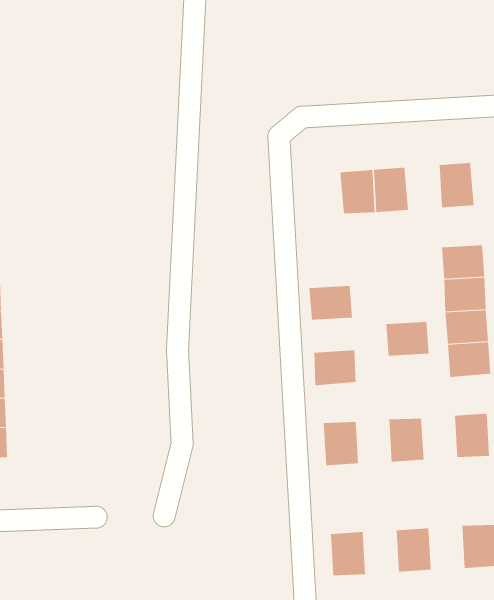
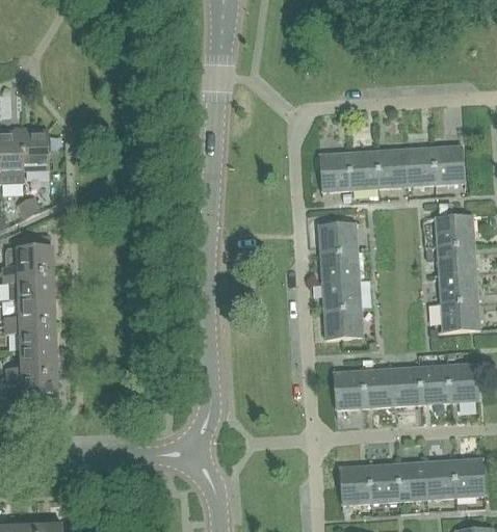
building: none -> [404,147,436,186]
building: none -> [319,153,350,191]
building: none -> [318,223,357,254]
building: [385,321,430,356] -> [322,280,361,310]
building: none -> [419,365,449,403]
building: none -> [362,368,392,406]
building: none -> [425,460,455,499]
building: none -> [368,464,398,503]

